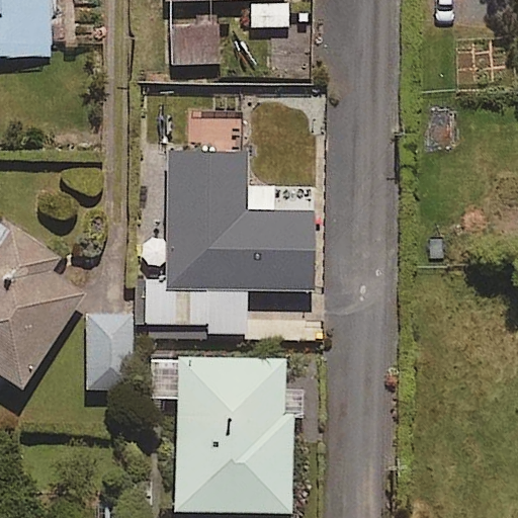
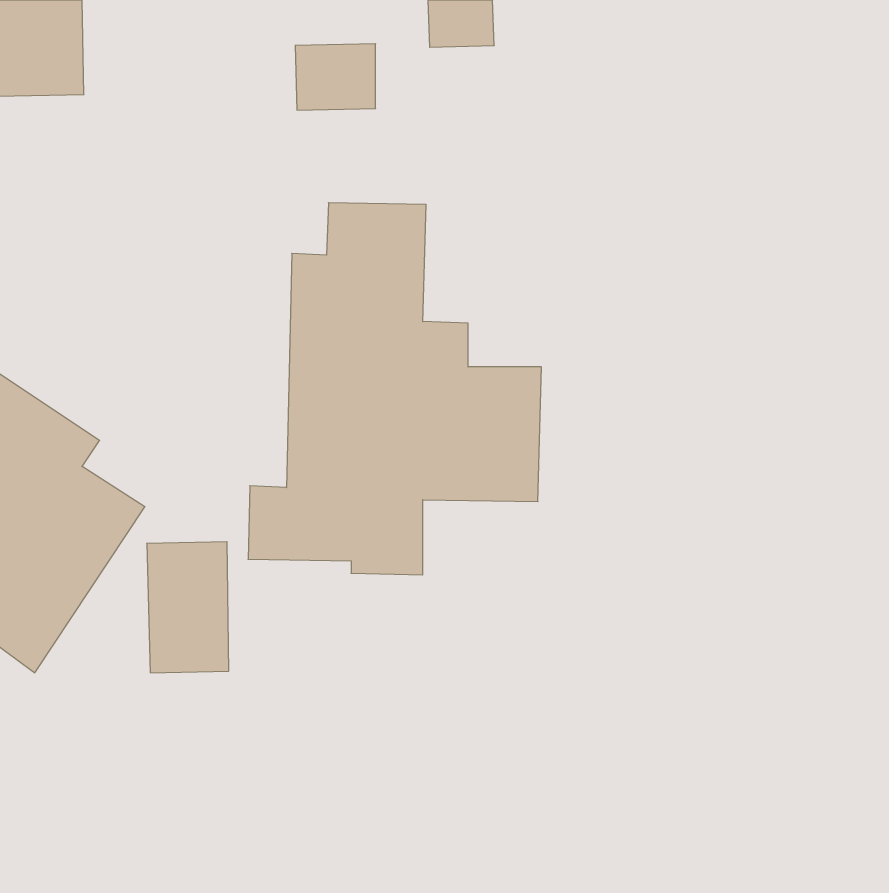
building: [150,358,291,512] -> none

